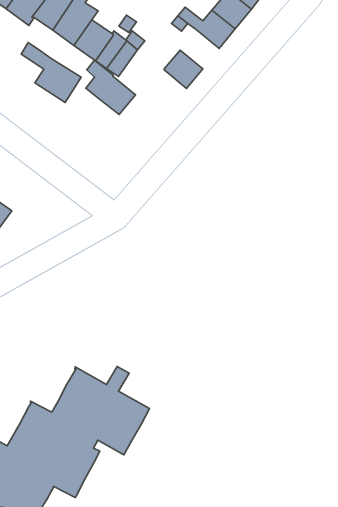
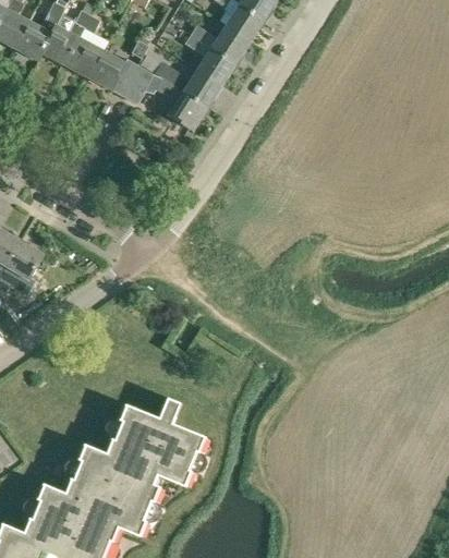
building: none -> [196,47,235,86]
building: [21,43,81,103] -> none
building: [86,60,135,114] -> [155,77,207,130]

